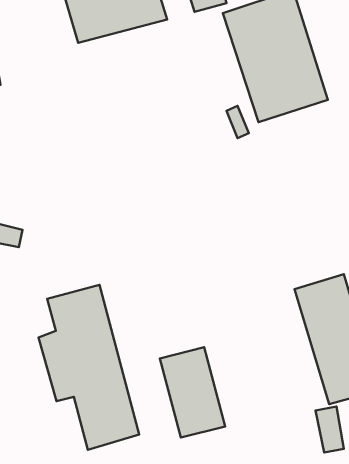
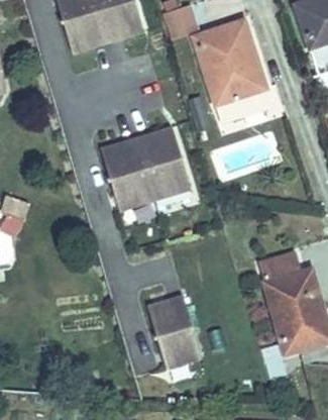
building: none -> [99,127,188,211]
building: [38,285,139,450] -> none

